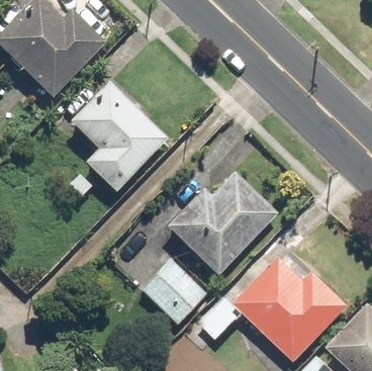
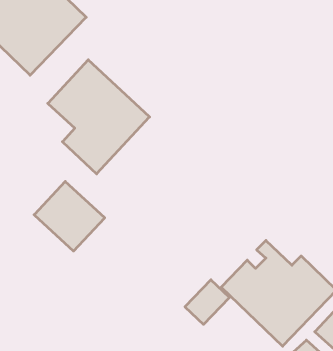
building: [167,171,277,276] -> none
building: [142,257,210,324] -> [34,181,105,251]

